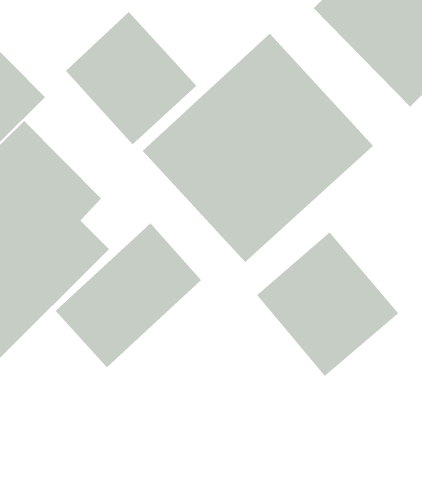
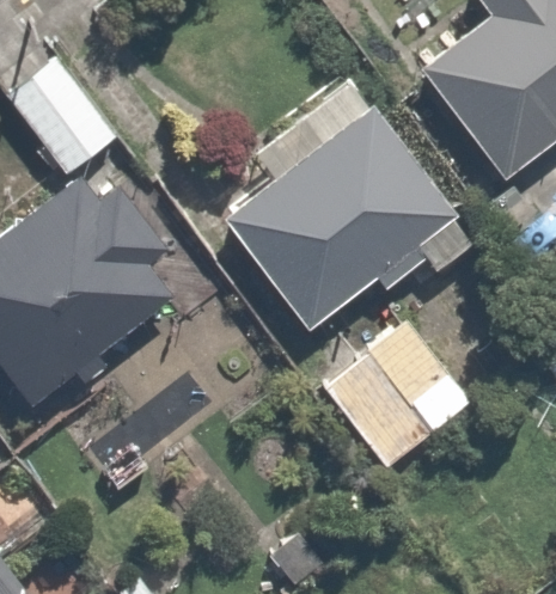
building: [65,11,197,145] -> none
building: [55,223,202,368] -> none

